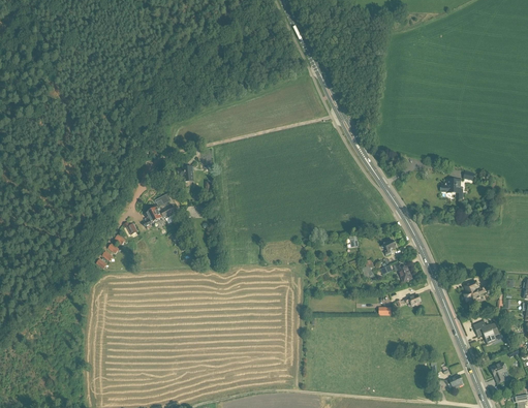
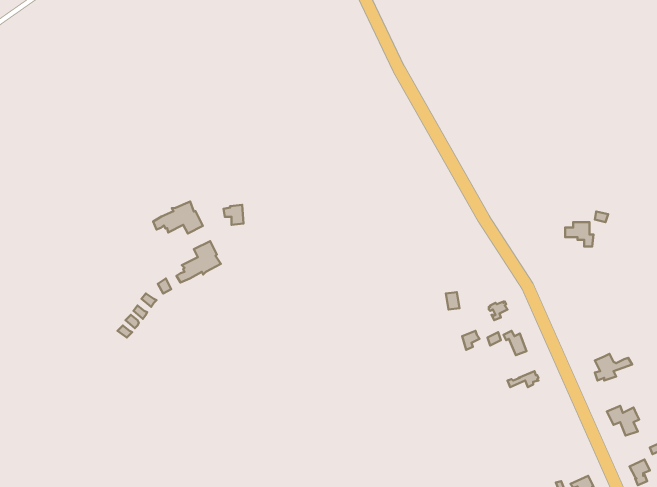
building: none -> [153,201,203,234]

